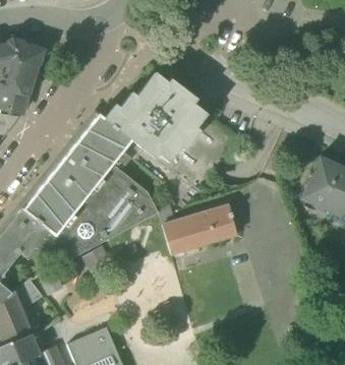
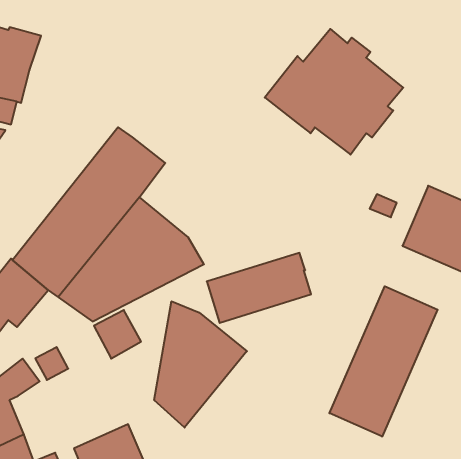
building: [109,73,208,163] -> [265,29,403,155]
building: none -> [329,286,438,437]
building: none -> [154,301,247,428]

